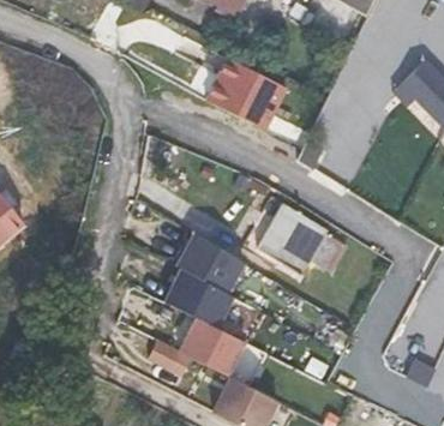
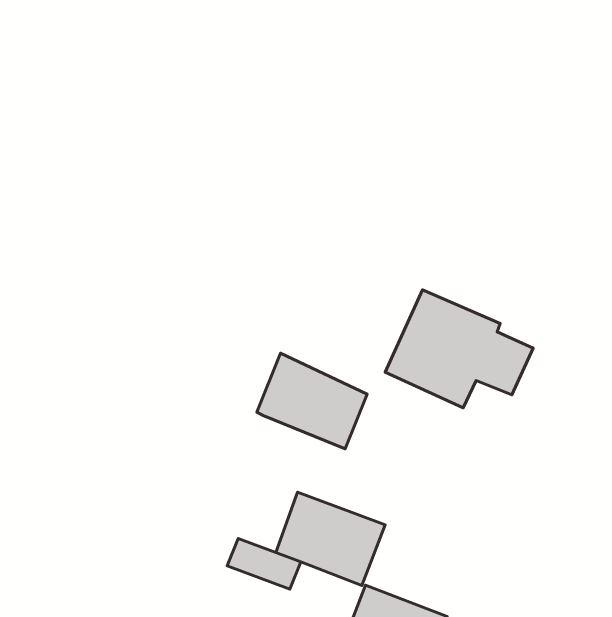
building: [206,61,287,133] -> none
building: [163,270,232,329] -> none

